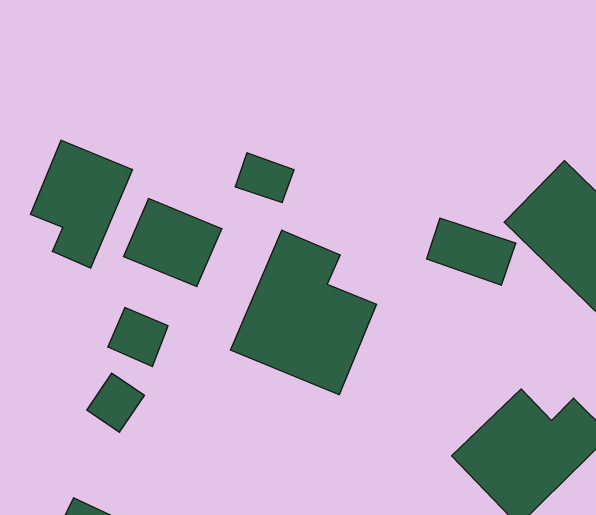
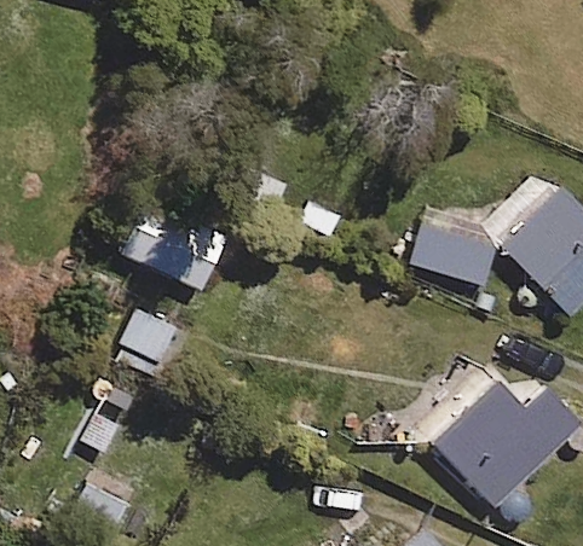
building: [31,140,132,268] -> none
building: [231,230,376,395] -> none

